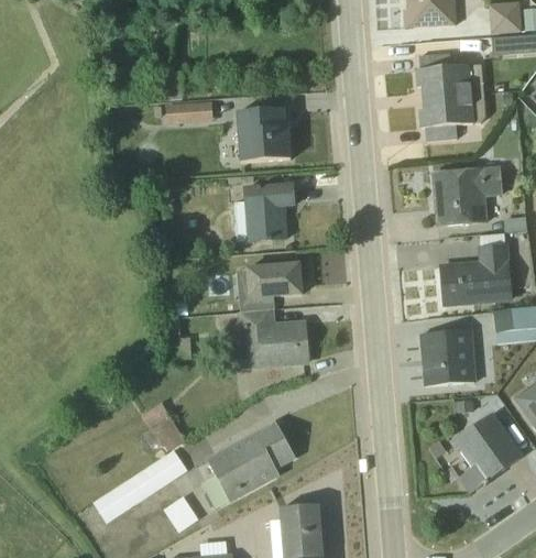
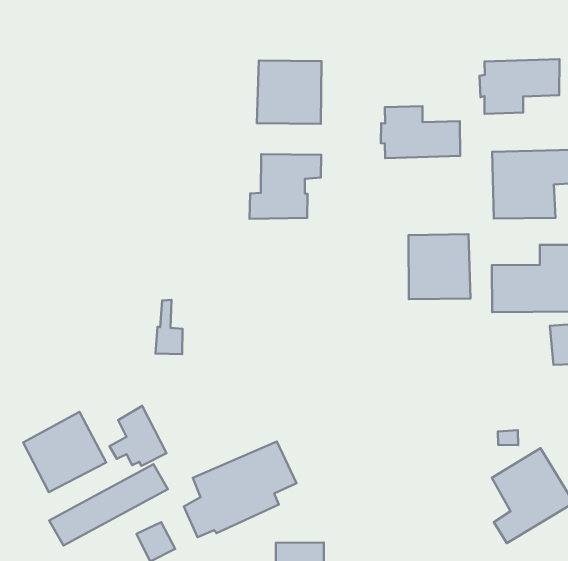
building: [416,52,483,97] -> [381,106,460,158]
building: [167,97,214,121] -> none
building: [247,262,302,296] -> none
building: [237,305,307,365] -> none
building: [422,328,477,385] -> [408,234,470,299]
building: none -> [23,412,106,492]

